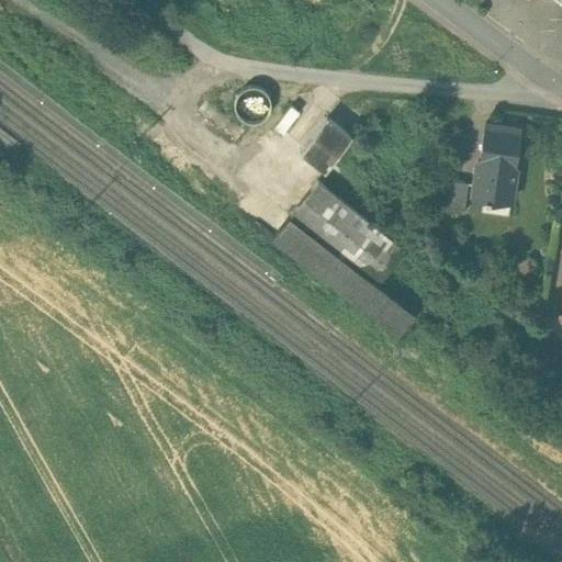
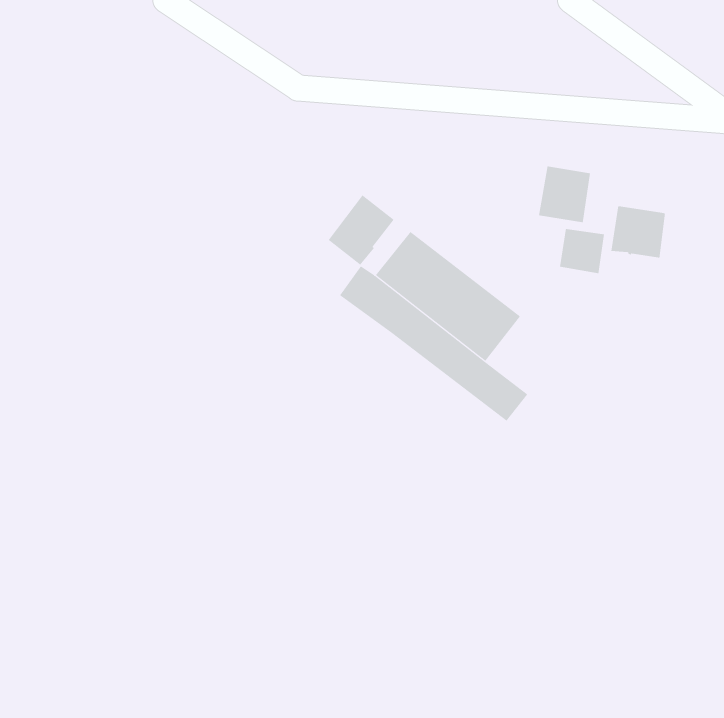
building: [301,121,352,176] -> [328,194,395,265]
building: [480,126,520,170] -> [538,166,591,223]

